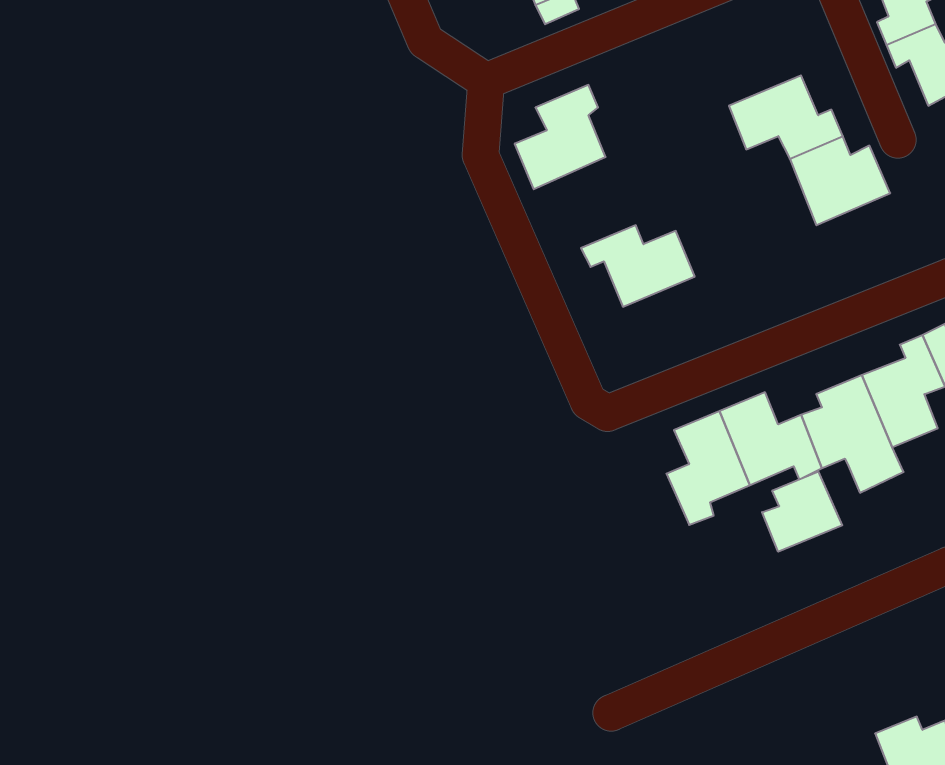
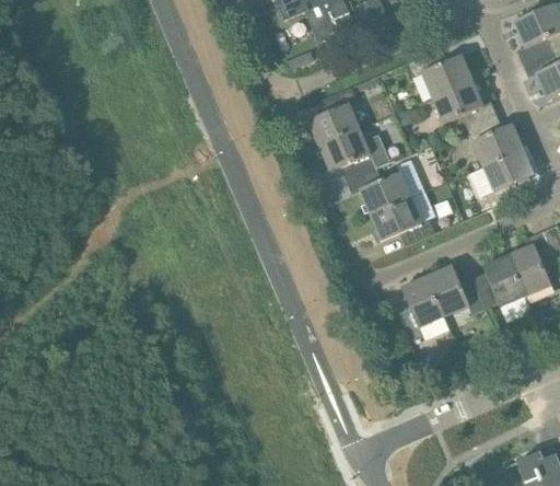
building: none -> [408,50,474,99]
building: none -> [319,128,390,181]
building: none -> [482,149,535,208]
building: none -> [371,197,435,245]
building: [762,472,842,552] -> none

